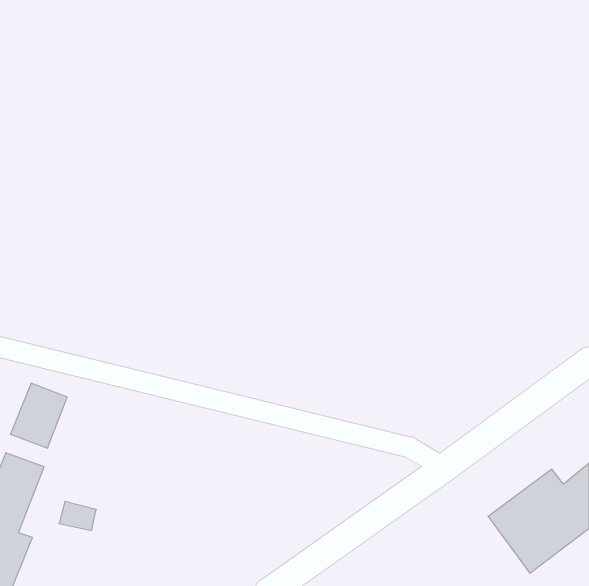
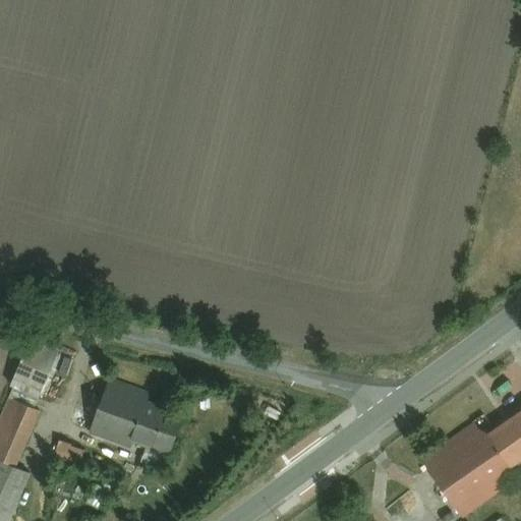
building: none -> [86,387,181,449]

